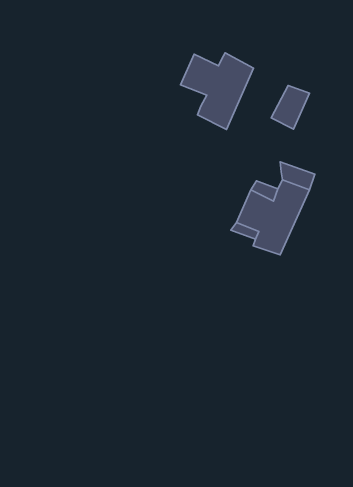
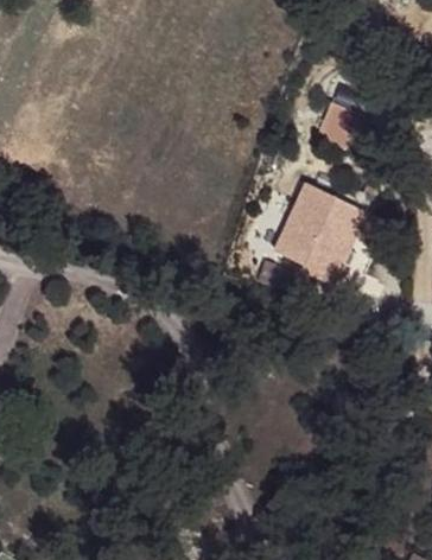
building: [181,53,253,129] -> none

